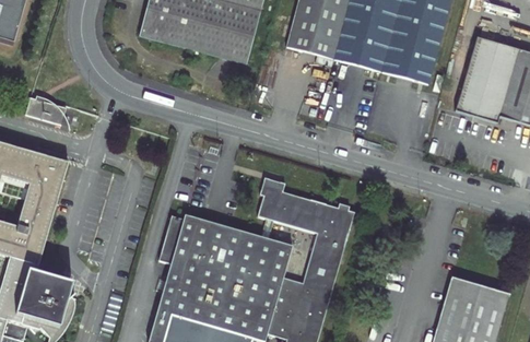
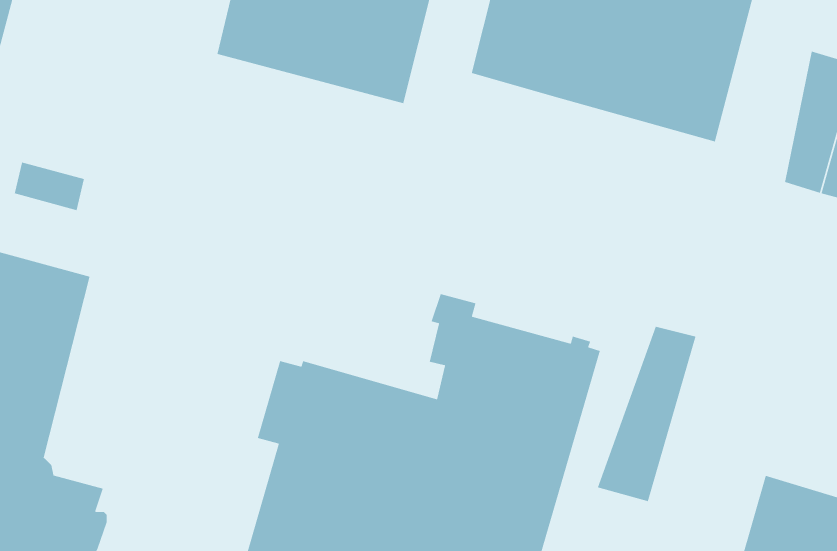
building: none -> [597,326,697,502]

